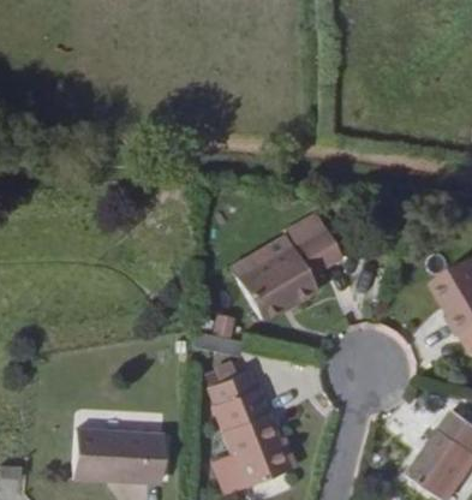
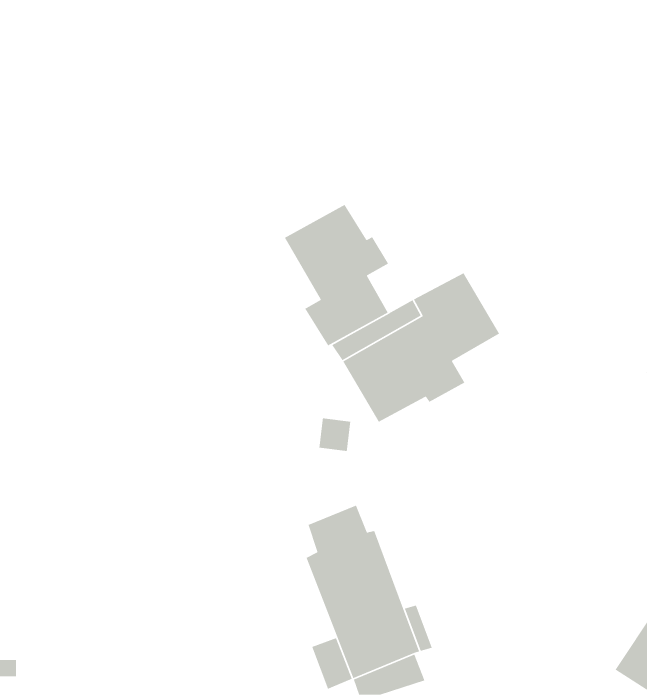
building: none -> [284,204,389,347]
building: [68,433,157,483] -> none

